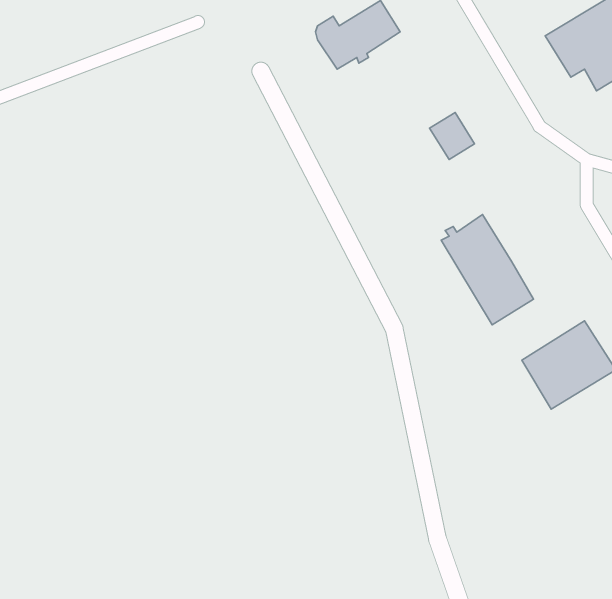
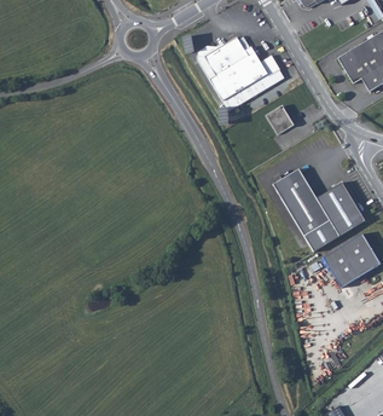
building: none -> [209,51,285,110]
building: none -> [304,181,365,252]

